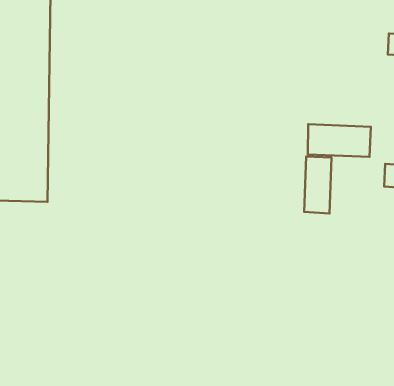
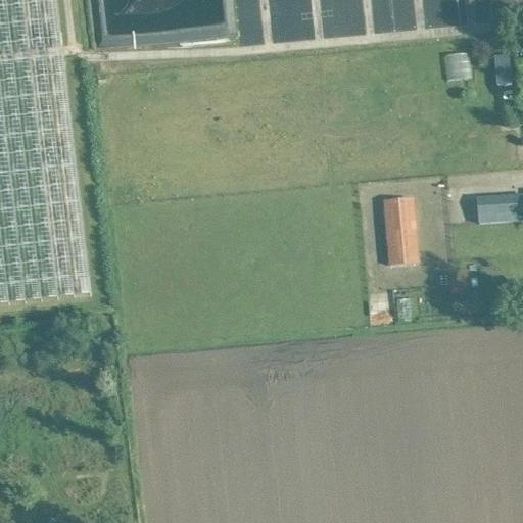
building: [308,124,371,157] -> none

